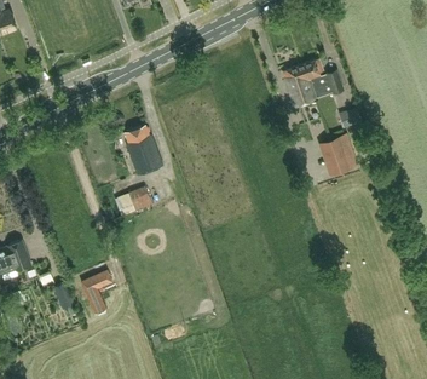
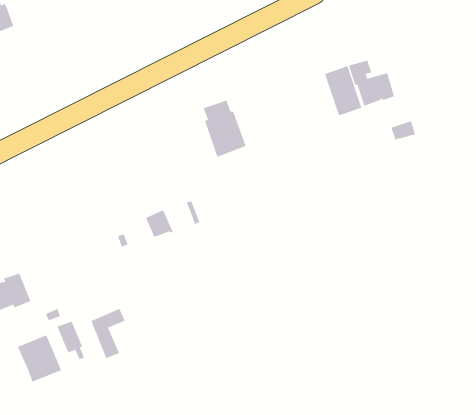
building: [126,125,163,174] -> [203,100,247,158]
building: [319,134,352,174] -> none
building: none -> [17,334,62,383]

